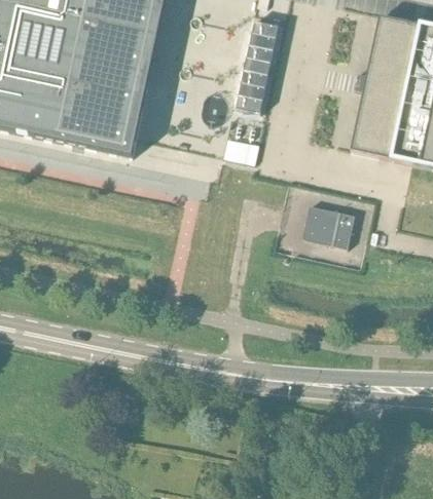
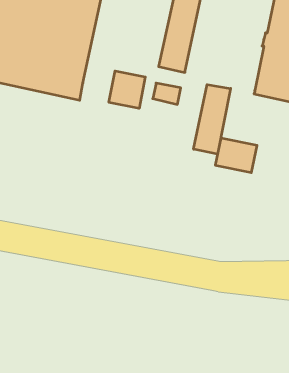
building: none -> [109,71,145,108]
building: none -> [194,85,231,154]

